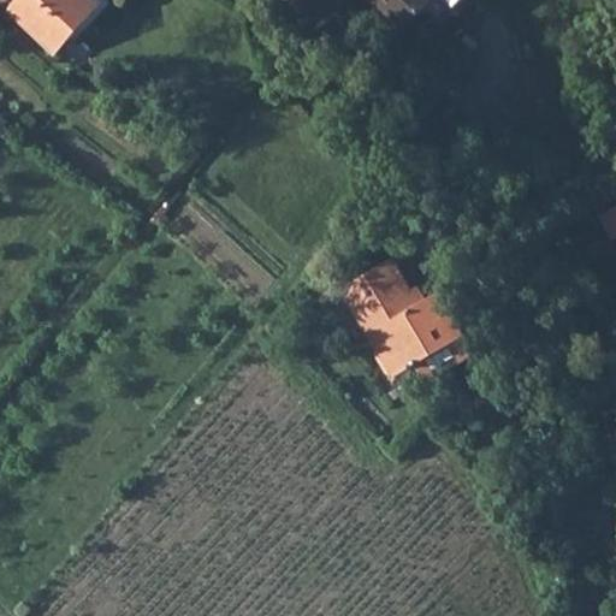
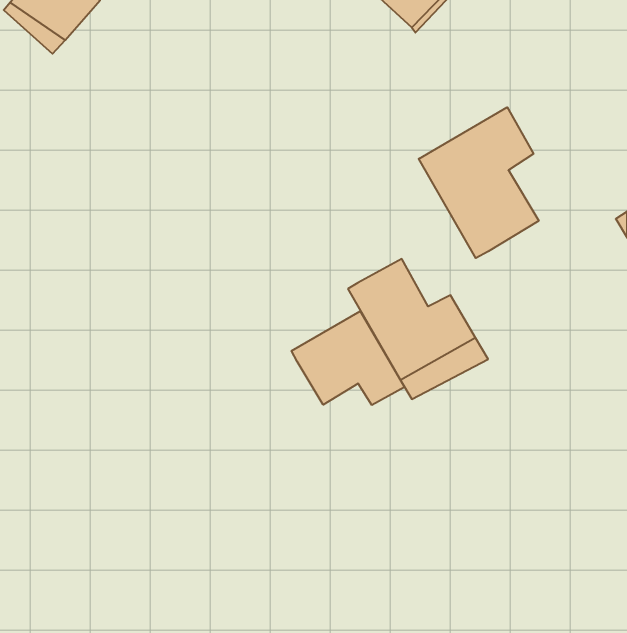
building: none -> [419,107,539,258]
building: none -> [292,311,404,405]

